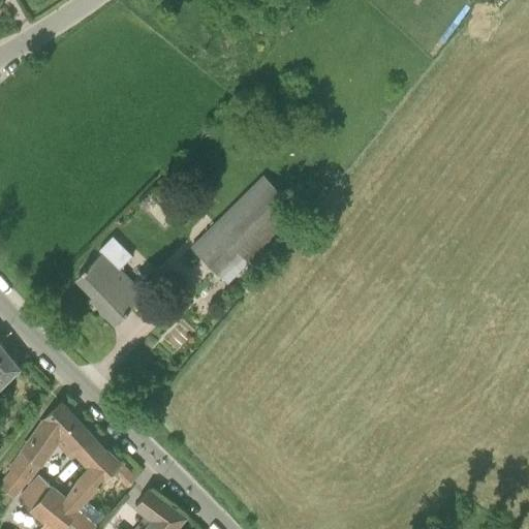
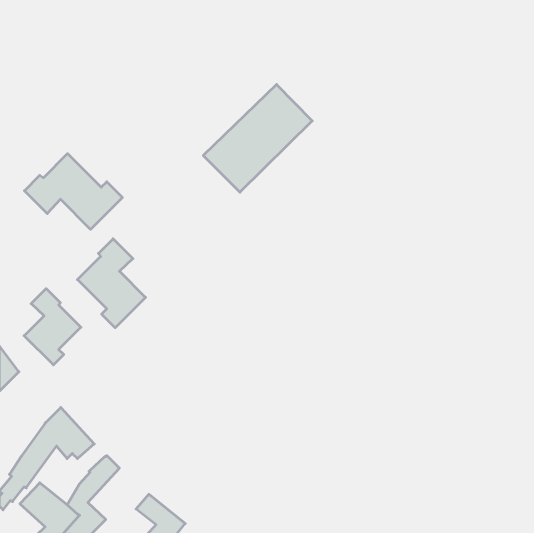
building: none -> [24,154,122,229]
building: [190,178,298,284] -> [203,84,312,192]
building: none -> [24,289,81,365]

